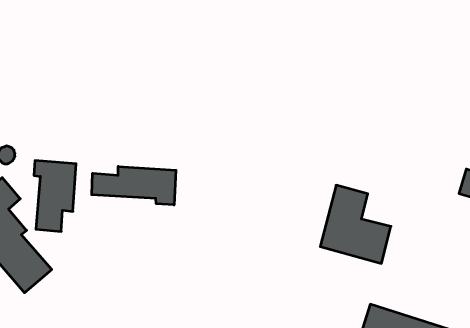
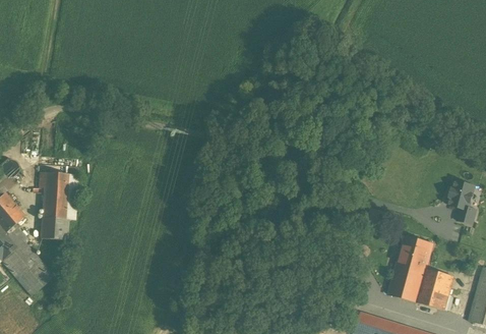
building: [92,166,176,205] -> none
building: [320,185,391,263] -> [384,235,452,311]

